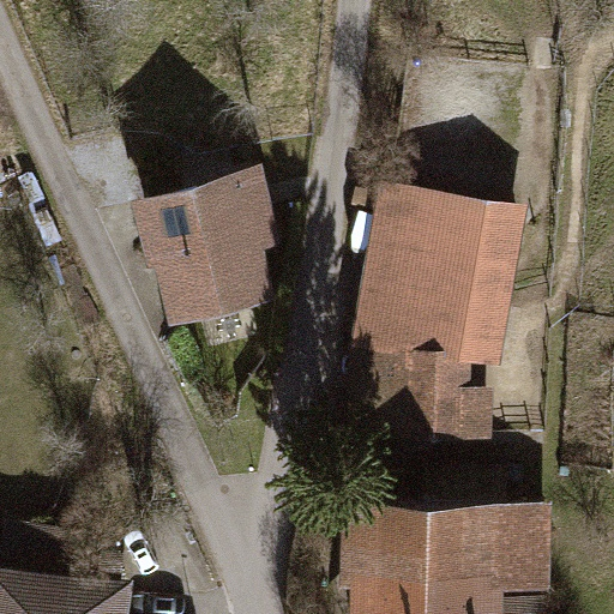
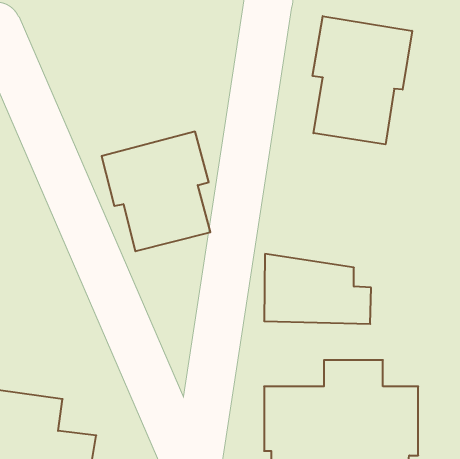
building: none -> [313,16,412,144]
building: [350,179,523,365] -> none

